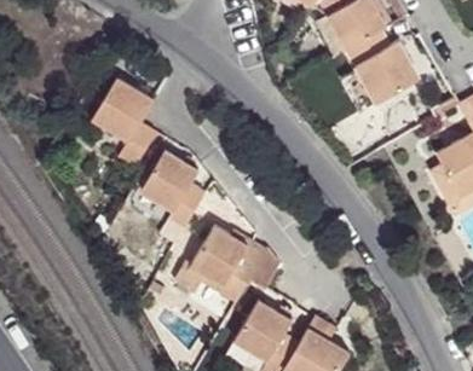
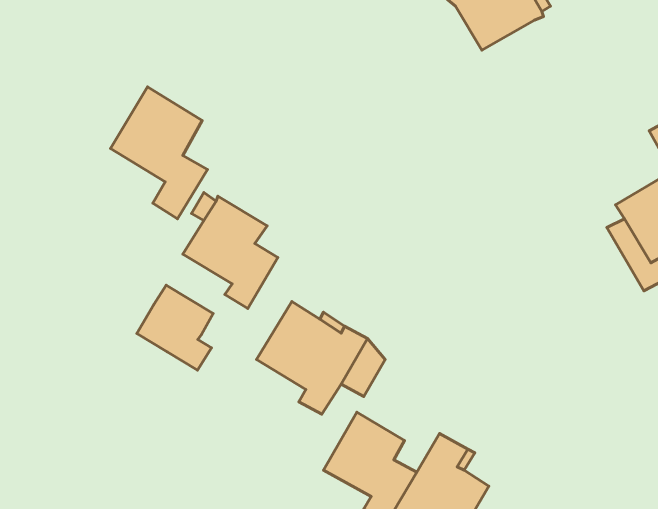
building: [344,29,419,104] -> none
building: none -> [137,285,213,370]

